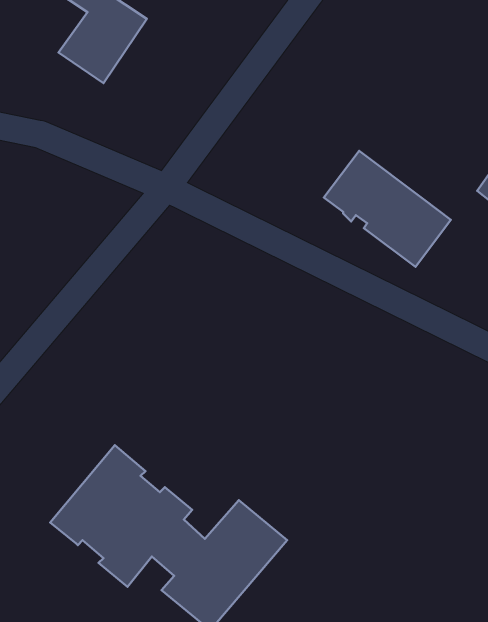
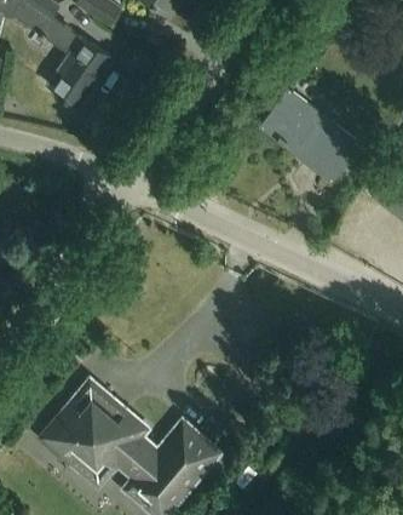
building: [324,151,451,267] -> [263,90,358,177]

